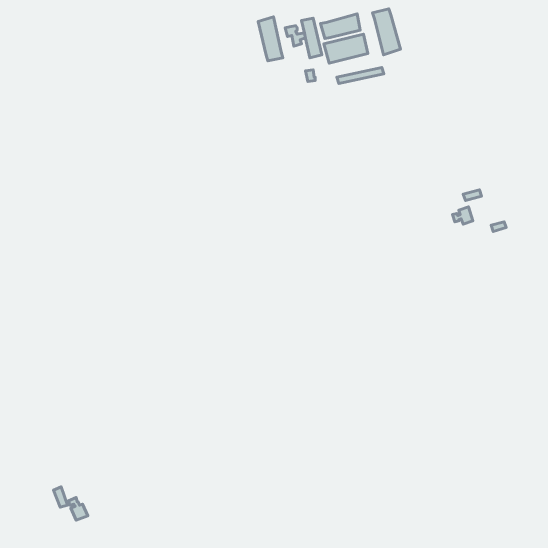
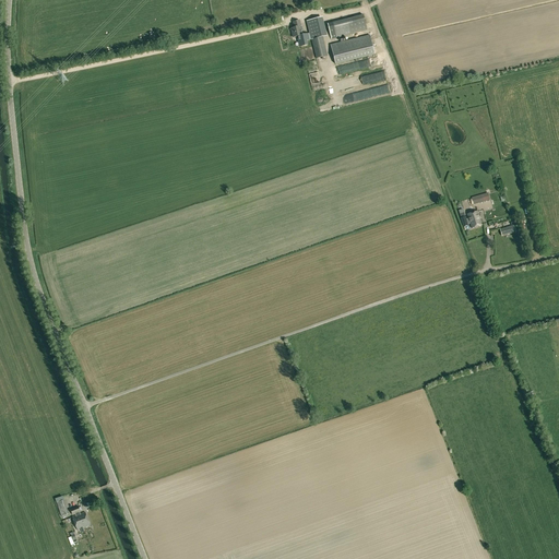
building: [372,9,400,55] -> none
building: [258,17,283,61] -> none

